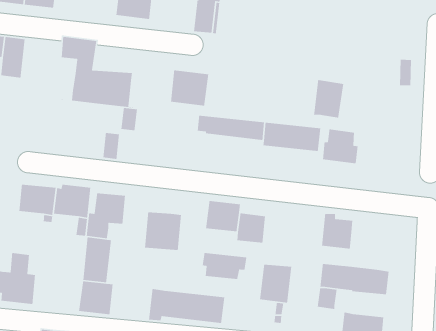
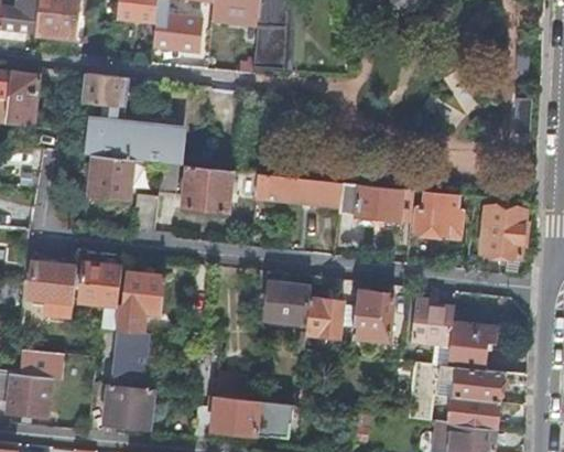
building: [170,69,209,107] -> [183,165,232,213]
building: [313,79,344,119] -> none
building: none -> [89,155,132,195]
building: none -> [479,206,527,258]
building: [144,212,182,251] -> none
building: none -> [449,323,499,370]
building: [202,252,247,280] -> none
building: [259,264,292,303] -> [354,291,395,342]
building: none -> [451,399,498,431]

